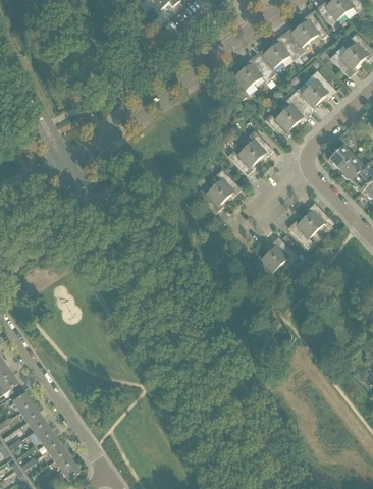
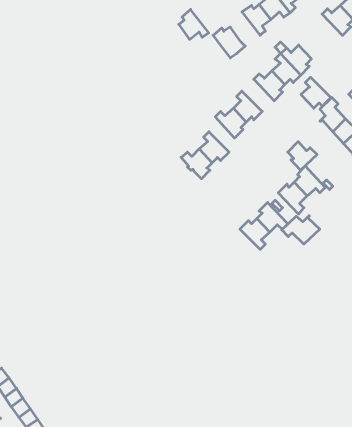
building: [243,54,271,83] -> [179,9,209,39]
building: [308,69,336,99] -> [301,77,331,108]
building: none -> [288,142,317,170]
building: none -> [282,216,320,244]

